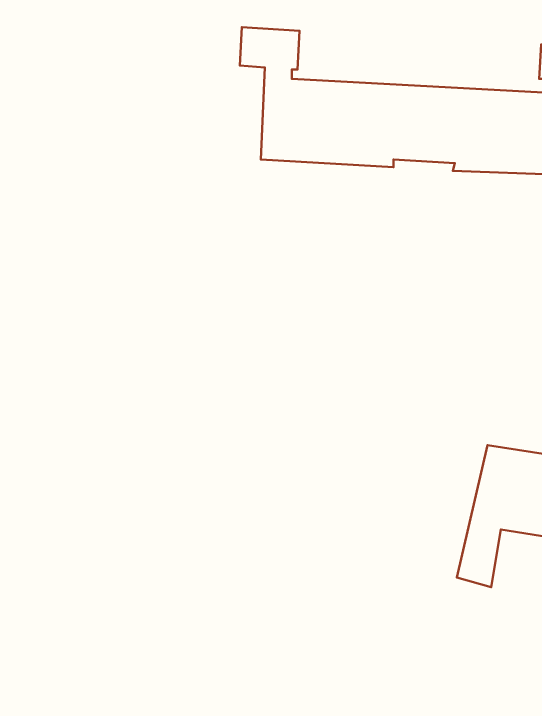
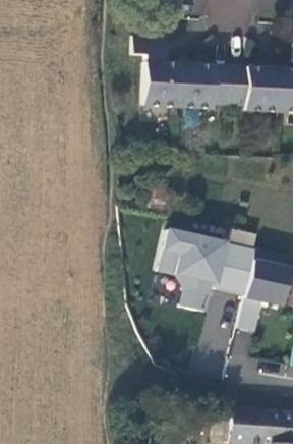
building: none -> [158,224,266,312]

